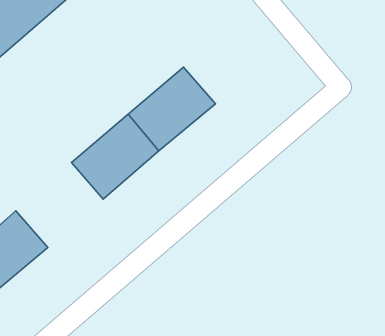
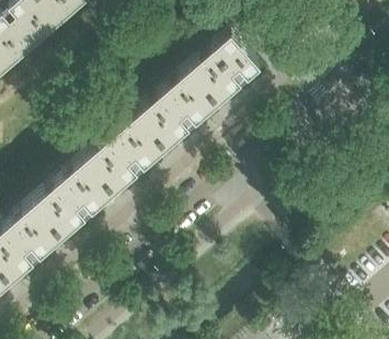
building: none -> [188,31,260,101]
building: none -> [33,156,114,235]

